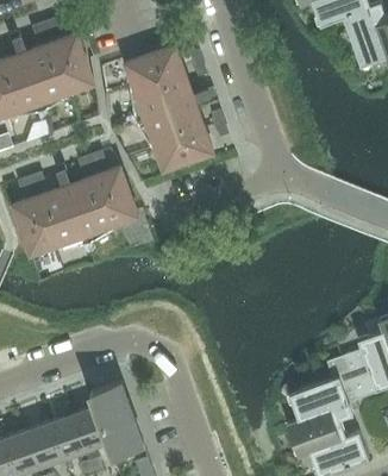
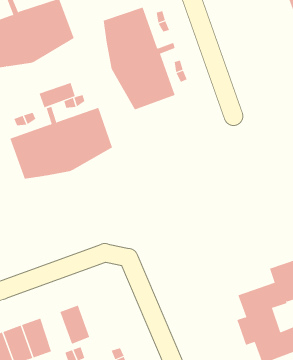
building: none -> [39,82,76,108]
building: [90,382,144,456] -> none
building: [51,414,88,462] -> none

